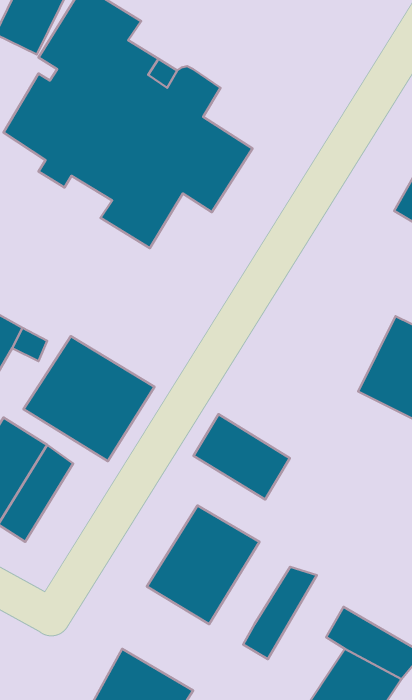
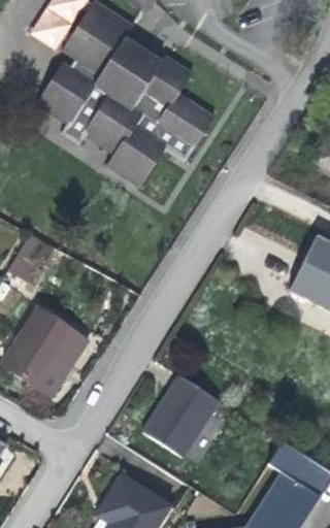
building: [23,336,154,461] -> none
building: [194,414,290,500] -> none
building: [243,567,317,659] -> none

